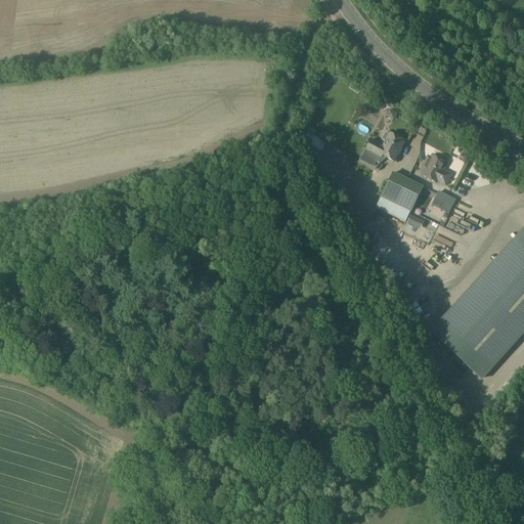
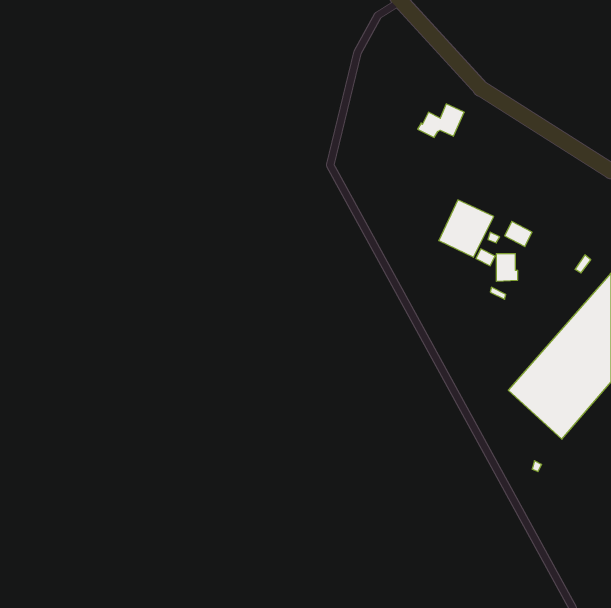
building: [364,132,404,161] -> [418,104,464,137]
building: [422,154,450,182] -> none

